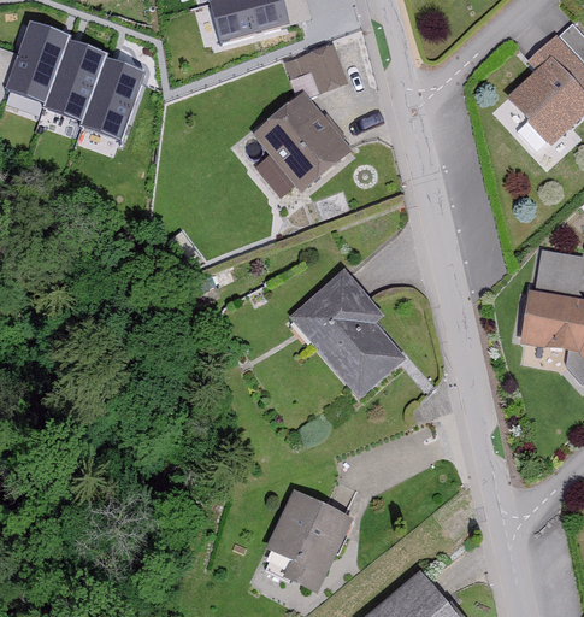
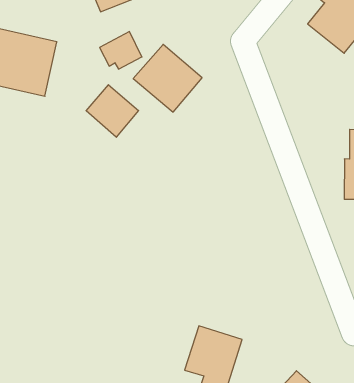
building: [288,46,344,95] -> [100,32,142,69]
building: none -> [86,85,139,137]
building: [290,271,402,398] -> none

